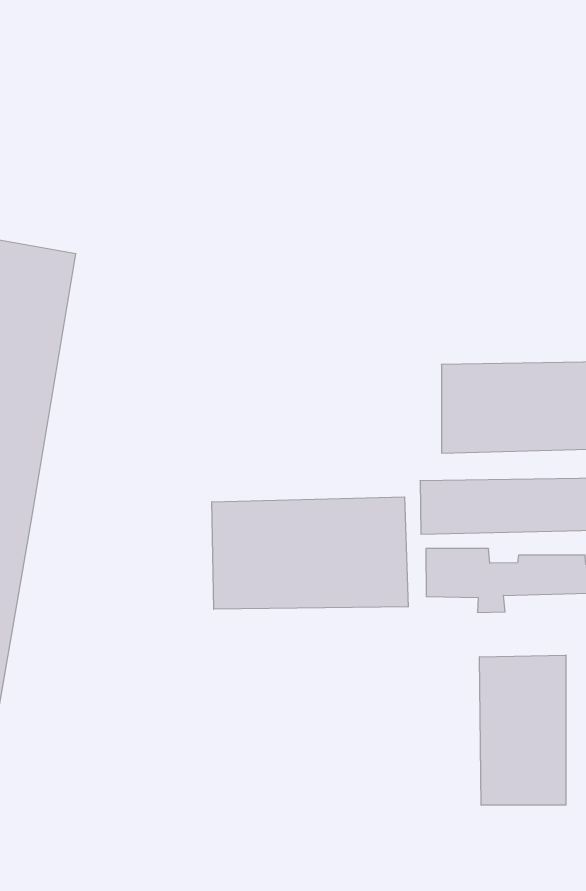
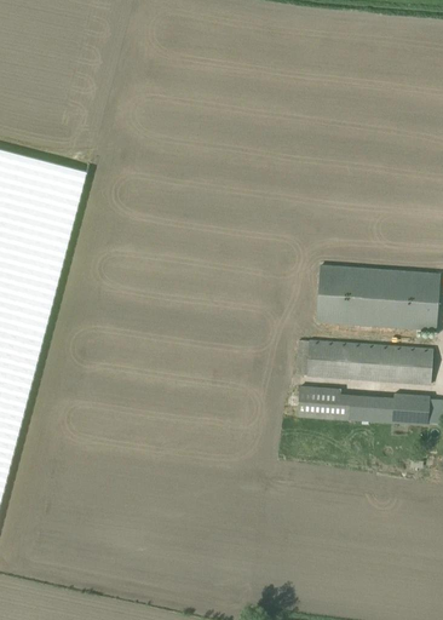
building: [212,497,408,609] -> none
building: [480,655,566,805] -> none

